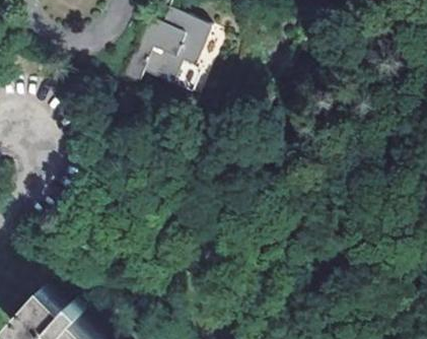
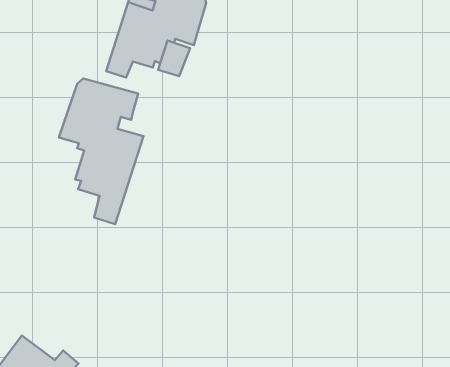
building: none -> [59,78,143,224]

